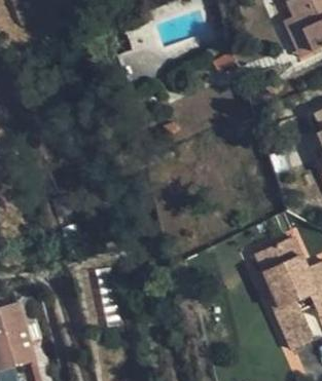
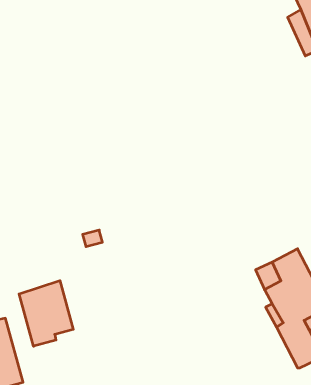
building: none -> [19,281,73,346]

